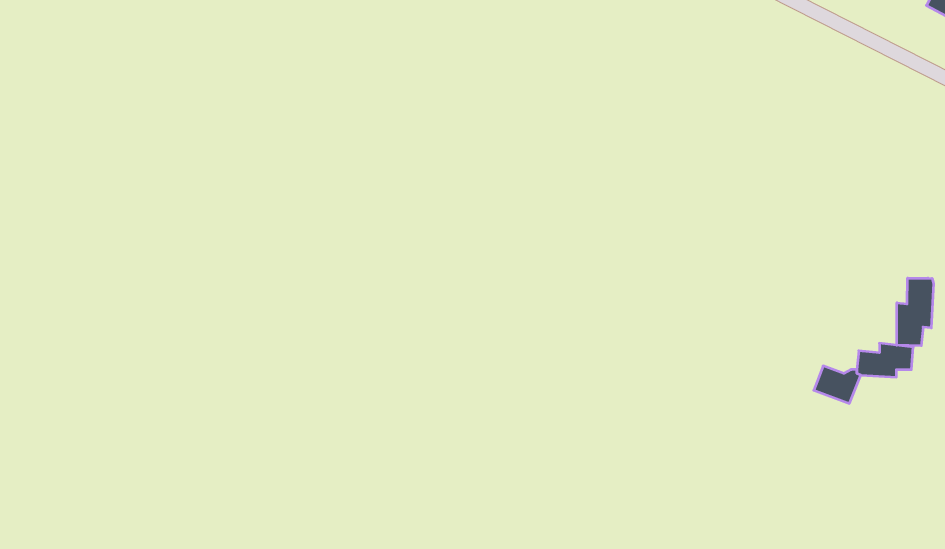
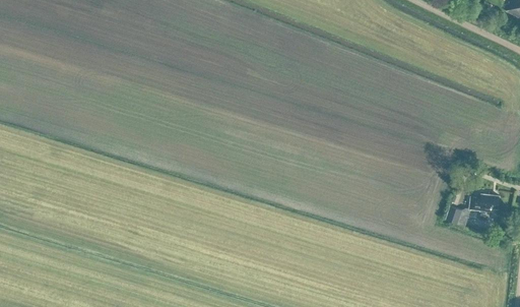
building: [897,278,934,346] -> none

